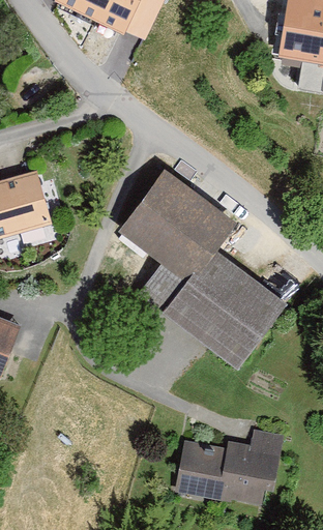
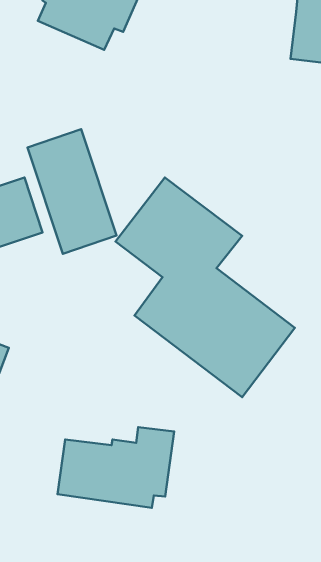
building: none -> [27,129,117,254]
building: [175,431,283,505] -> [57,427,174,508]

